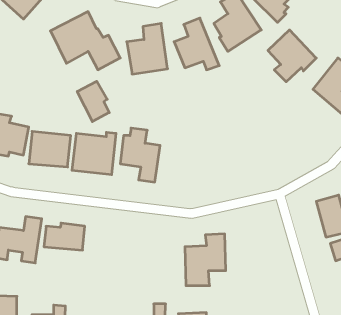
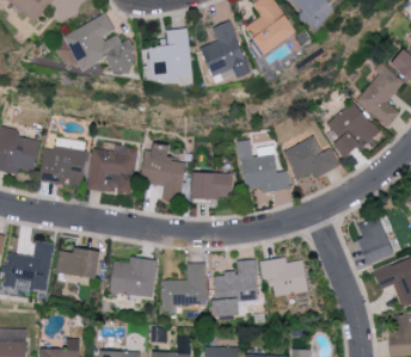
building: [268,30,316,82] -> [326,100,380,158]
building: [77,81,109,122] -> none
building: none -> [282,136,338,179]
building: none -> [237,139,288,192]
building: none -> [191,172,232,198]
building: none -> [109,257,155,297]
building: none -> [258,257,307,296]
building: none -> [160,261,205,308]

